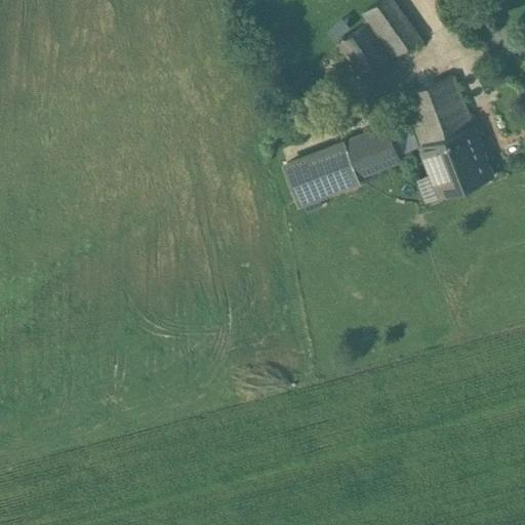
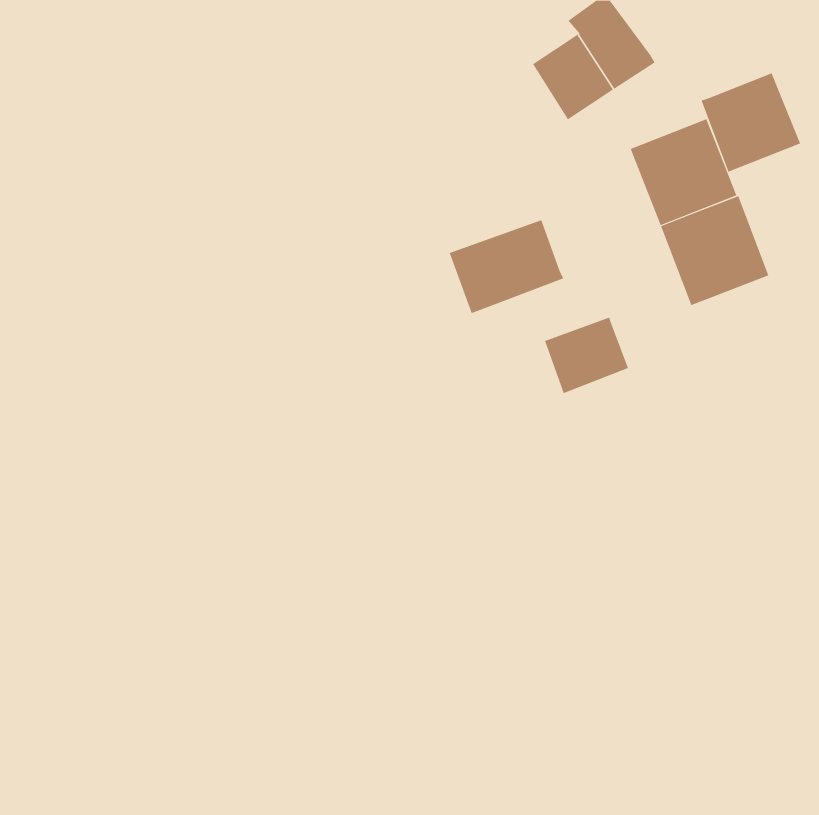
building: none -> [701,72,801,172]
building: [347,127,401,176] -> [544,317,629,394]

